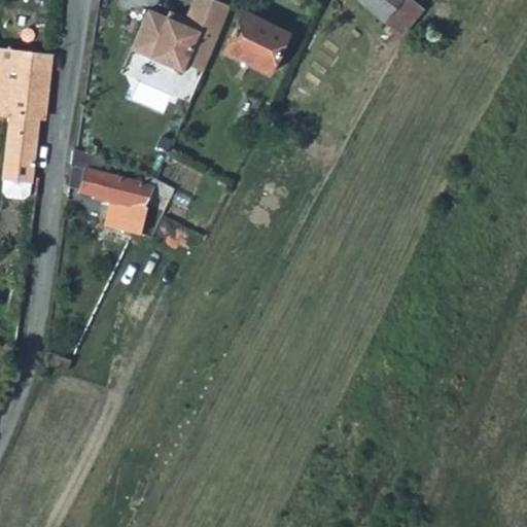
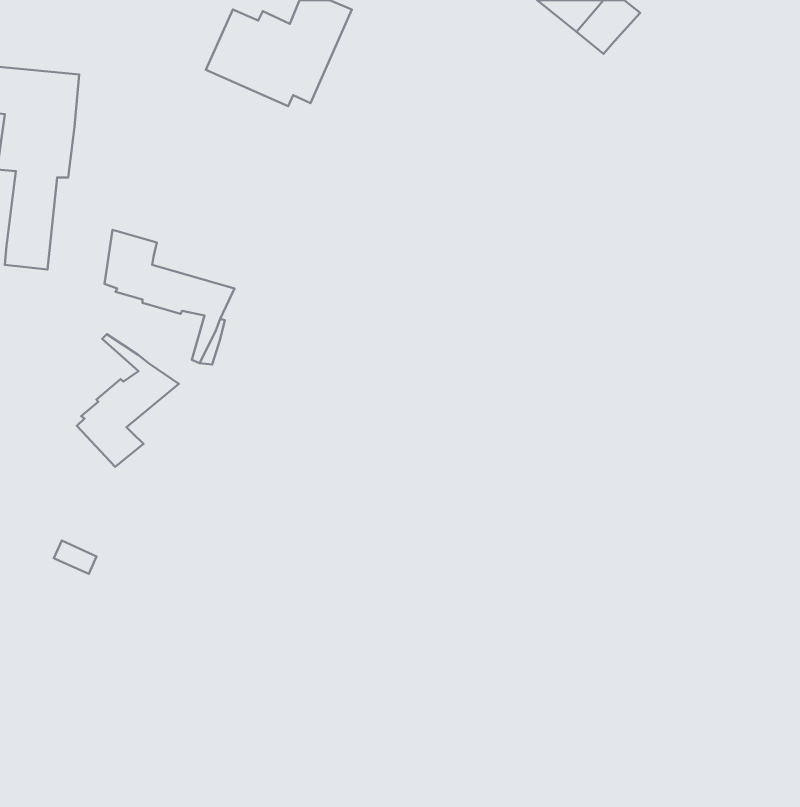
building: [227,12,291,74] -> none
building: none -> [77,334,179,467]

